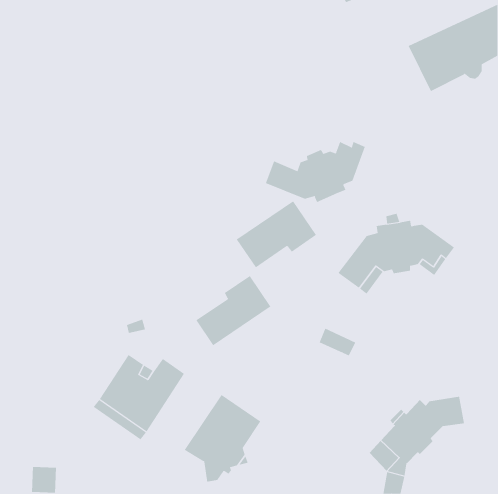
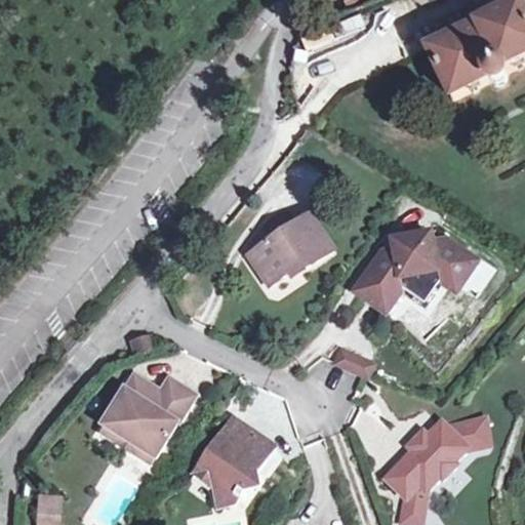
building: [265,141,365,203] -> none
building: [196,275,271,346] -> none

